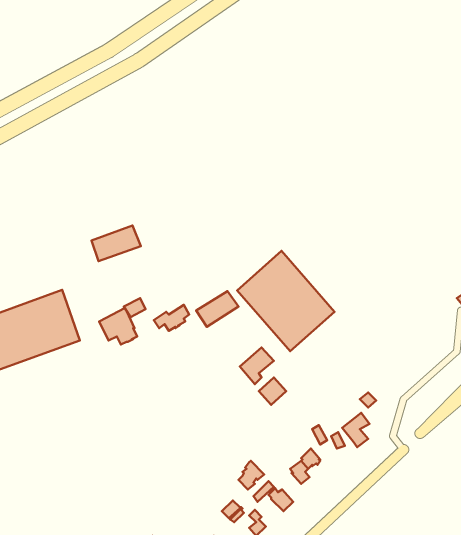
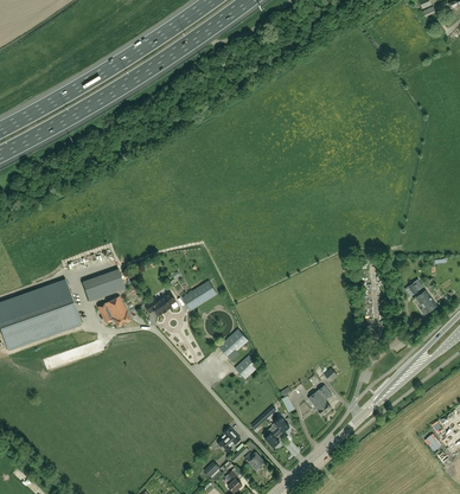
building: [92,226,141,261] -> [83,270,126,301]
building: [237,251,335,351] -> none

